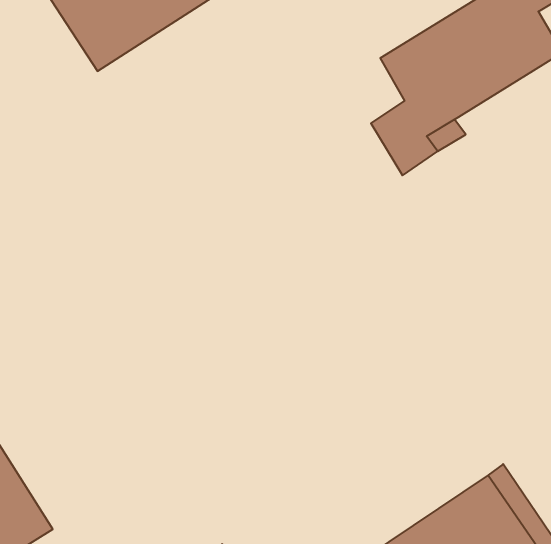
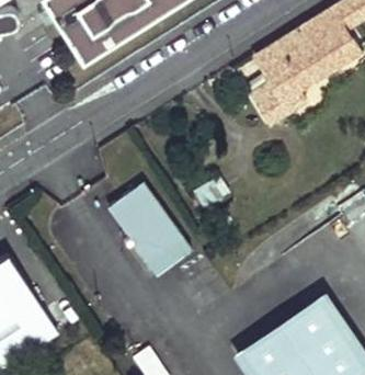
building: none -> [106,184,191,279]

